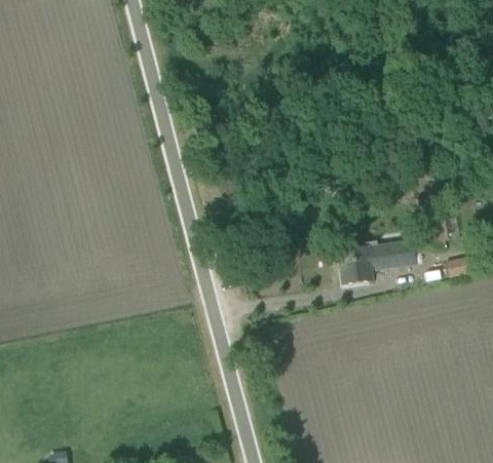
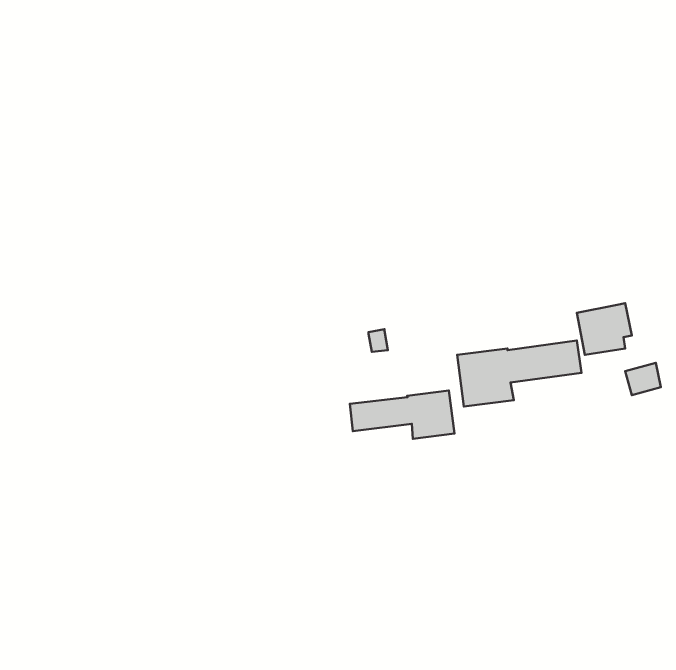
building: none -> [350,390,454,439]

